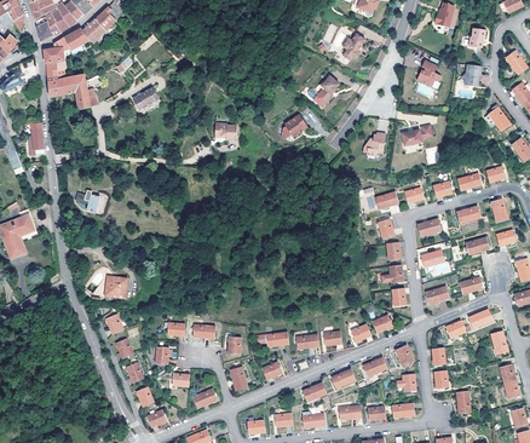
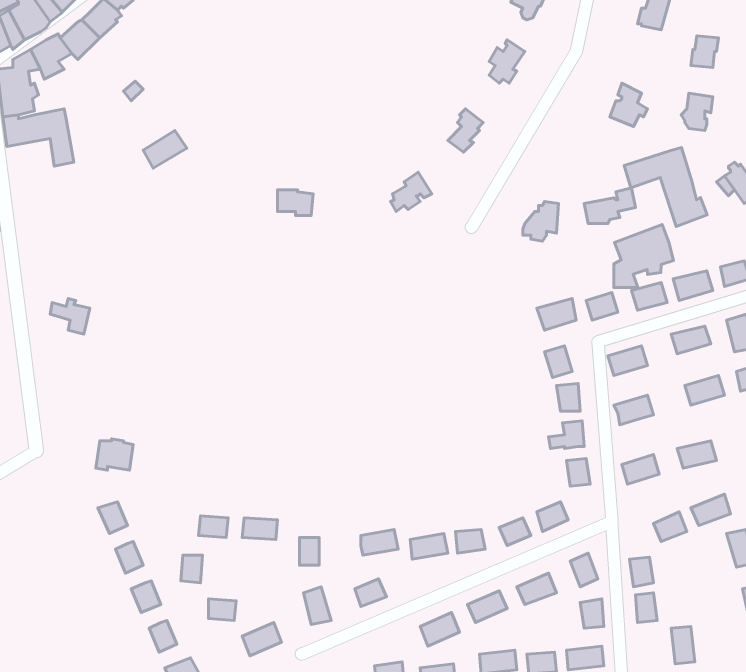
building: none -> [624,147,707,227]
building: none -> [614,225,673,288]

